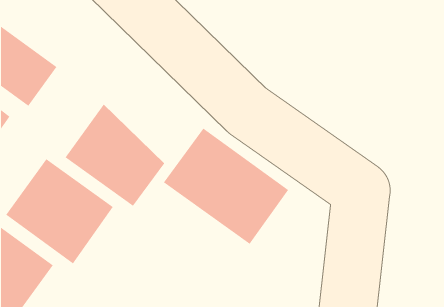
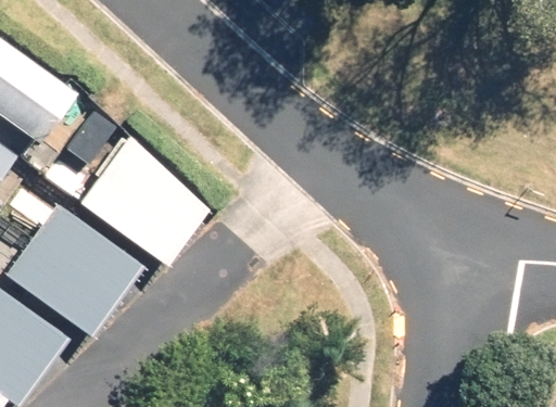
building: [163,127,289,245] -> none

